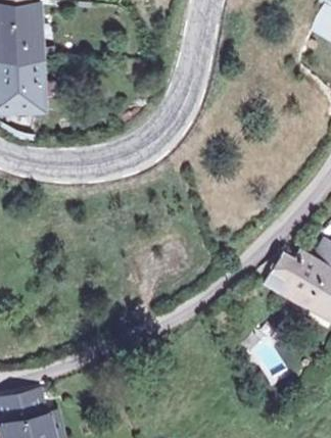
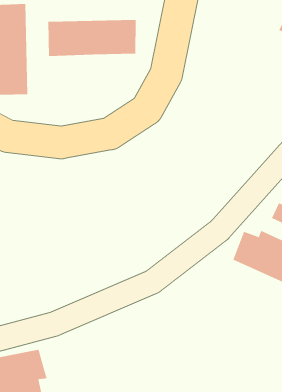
building: none -> [48,19,136,57]

